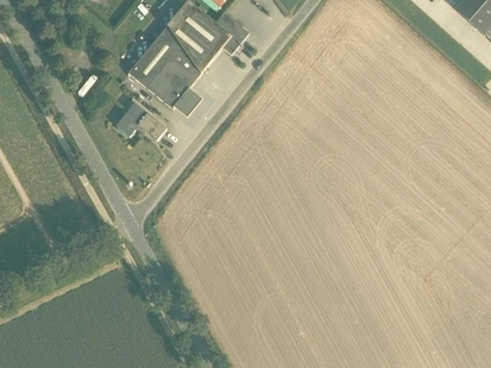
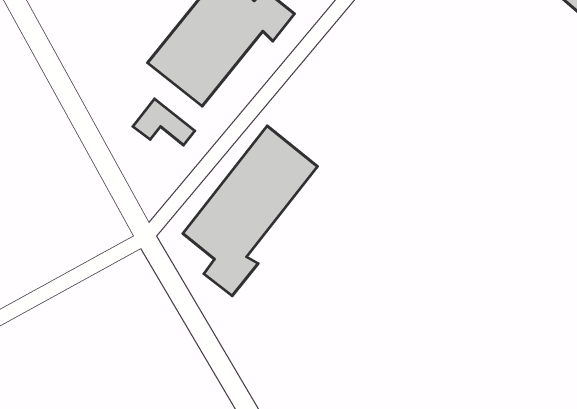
building: none -> [183,126,317,296]

